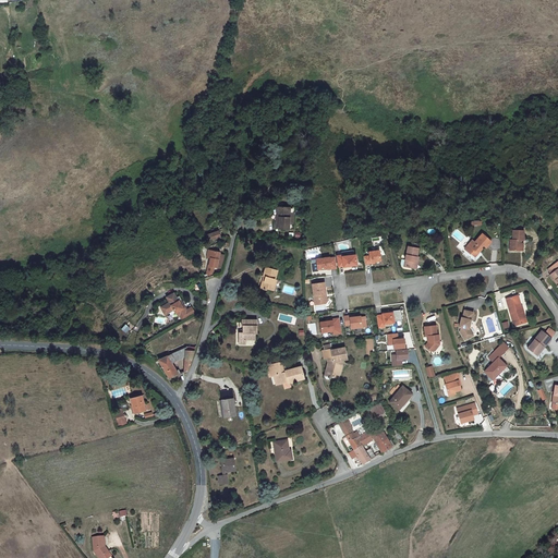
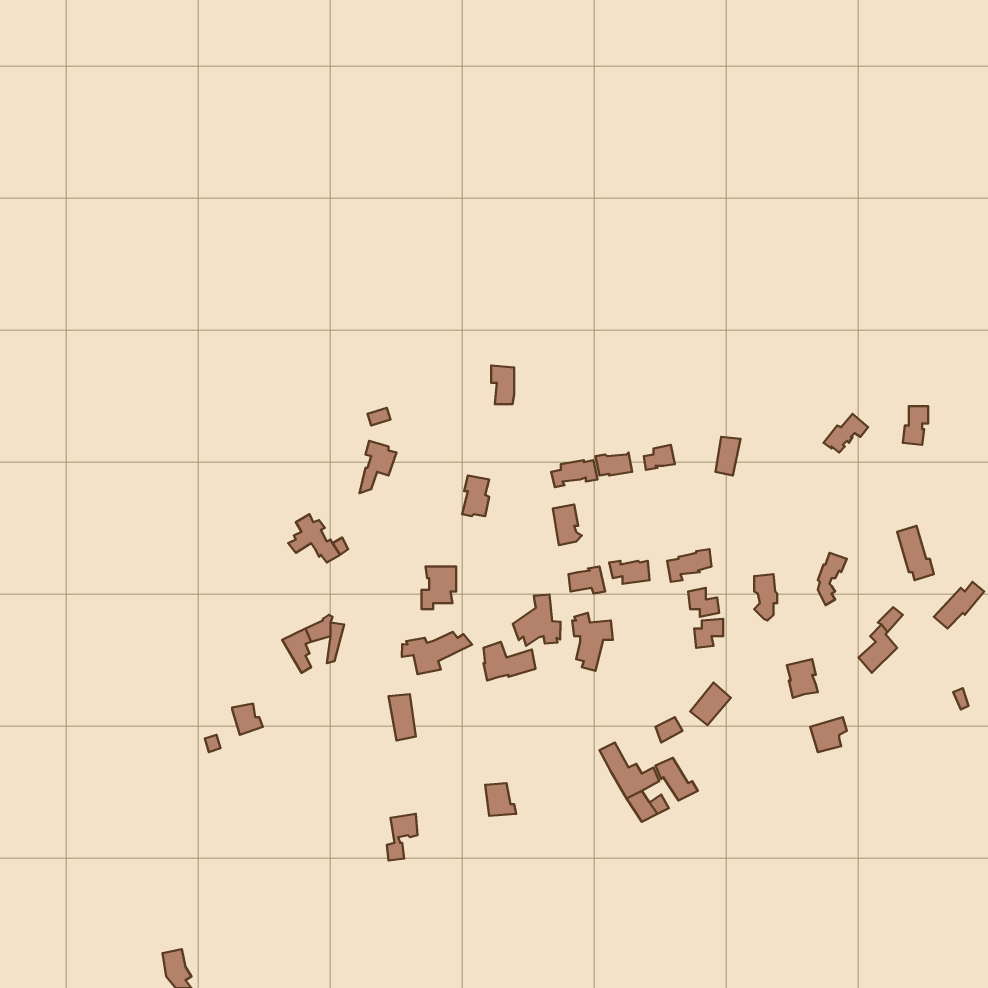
building: none -> [513,594,560,646]
building: none -> [402,632,472,674]

